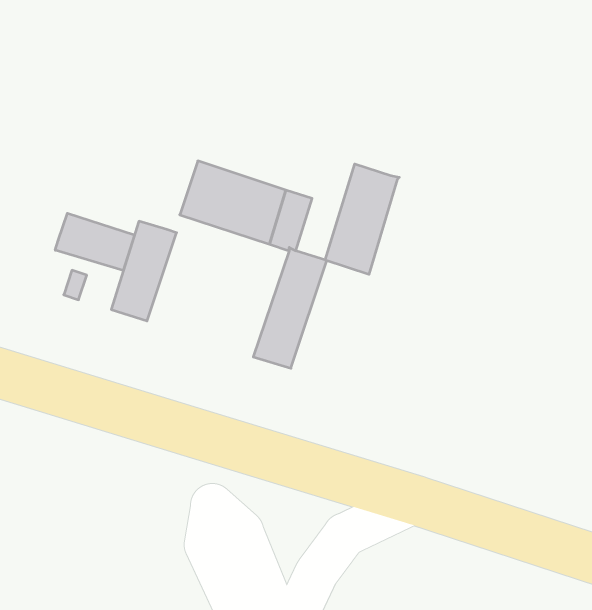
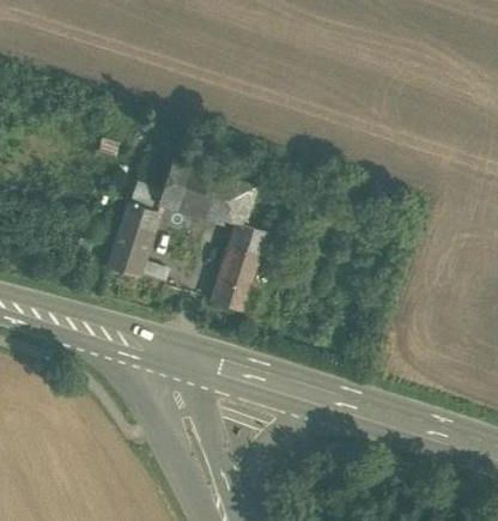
building: [325,164,399,274] -> none
building: [55,213,135,271] -> none

